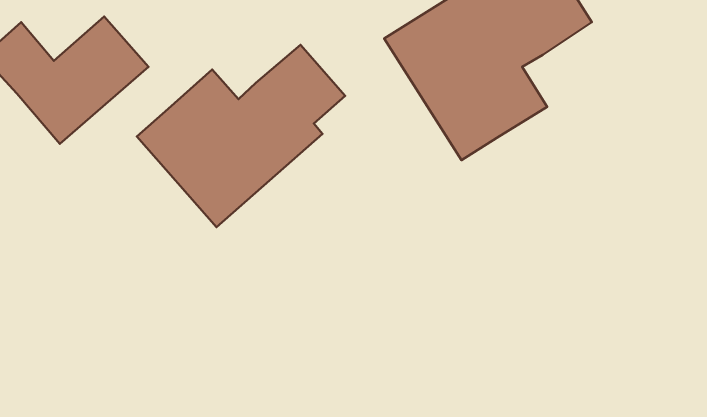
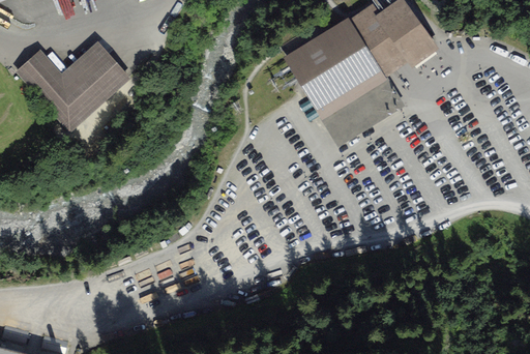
building: [137,45,345,227] -> none

